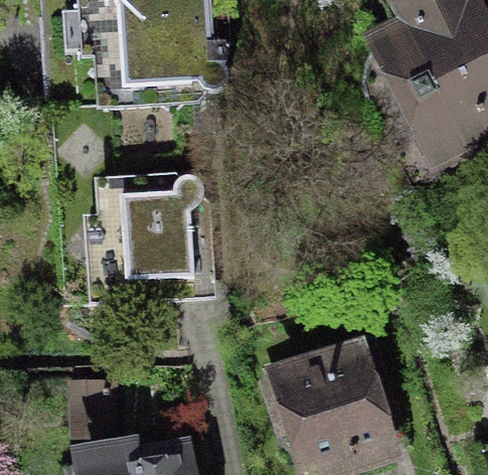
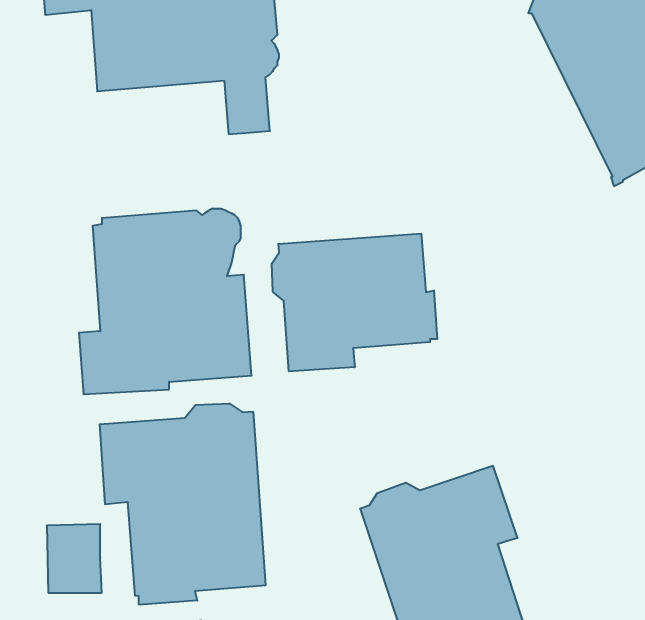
building: none -> [272,234,437,371]
building: none -> [100,403,265,605]

